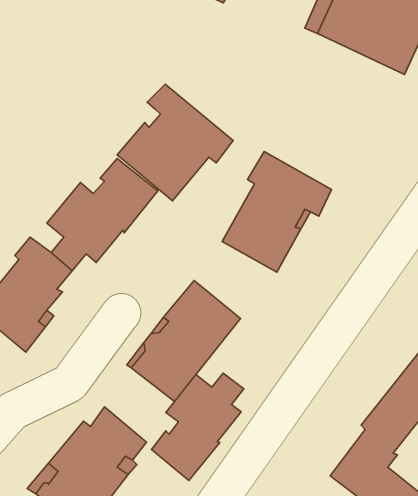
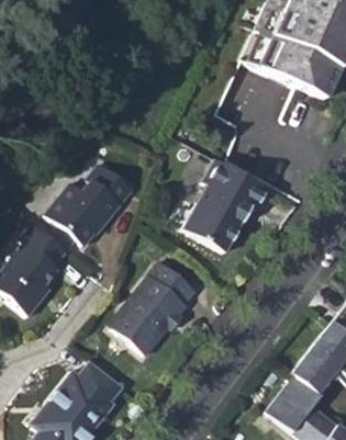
building: [117,84,233,201] -> none
building: [152,373,244,481] -> none

